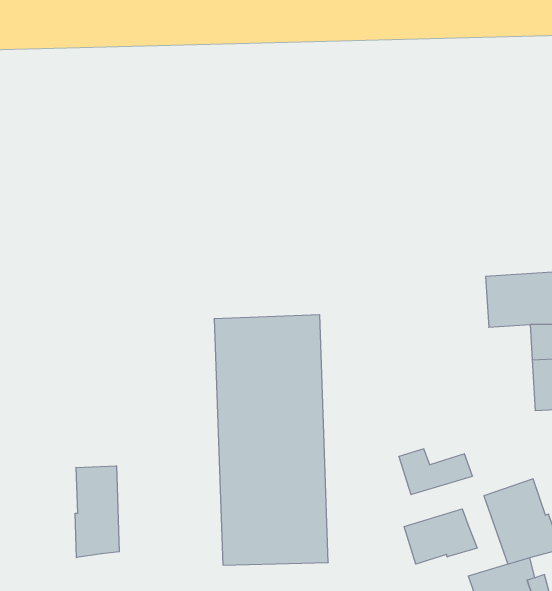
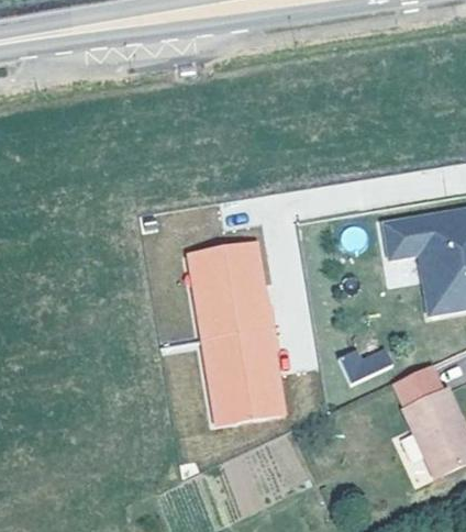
building: [75,466,119,558] -> none
building: [404,509,477,564] -> none

